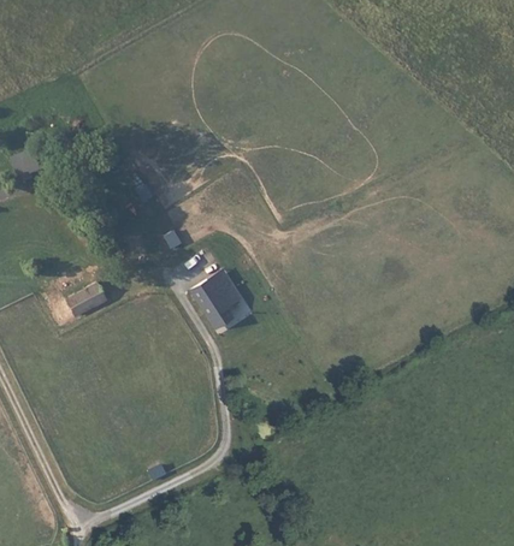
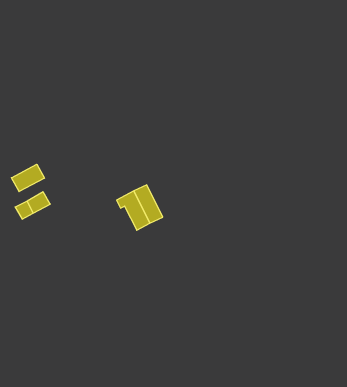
building: none -> [11,164,44,192]

